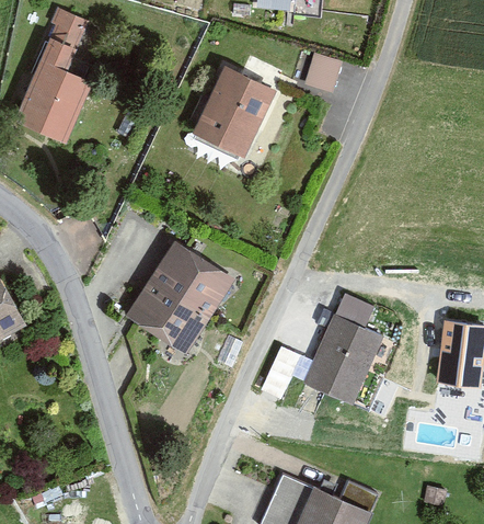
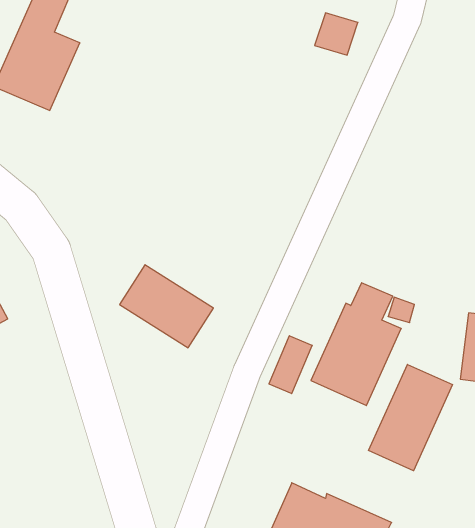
building: [193,68,274,156] -> none
building: [149,240,235,318] -> none
building: none -> [368,364,453,471]

